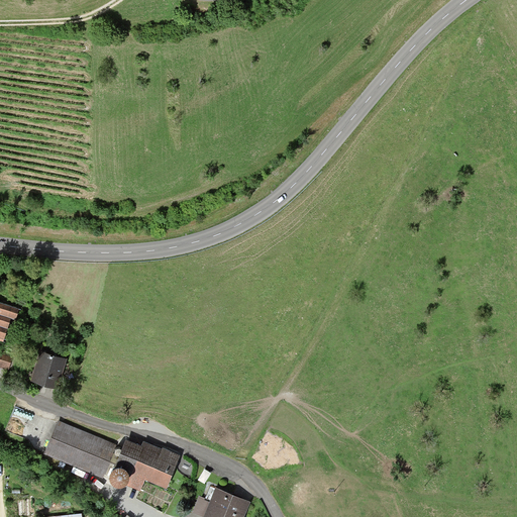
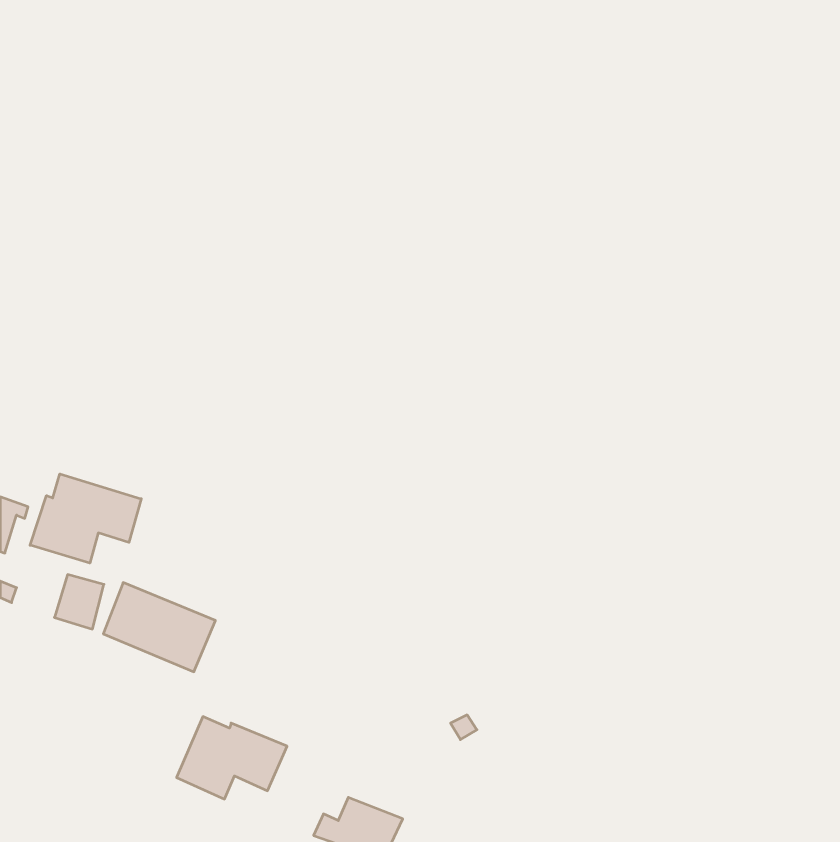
building: none -> [30,474,141,563]
building: [46,422,115,477] -> [103,583,215,672]

